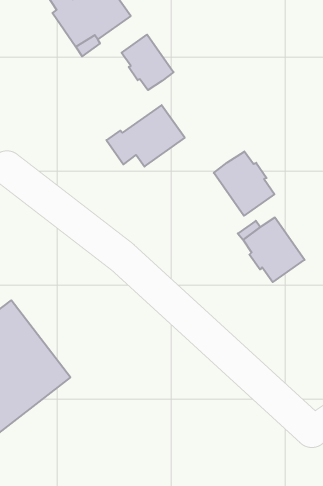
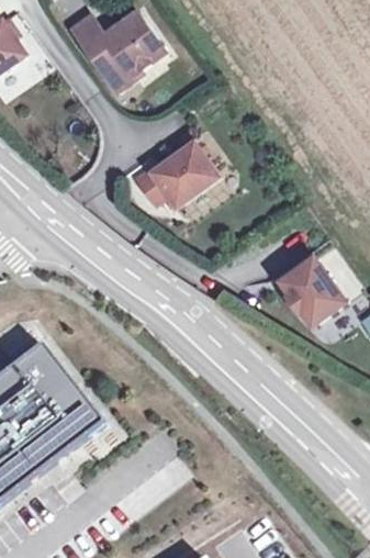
building: [122,35,174,90] -> none
building: [214,151,274,216] -> none

